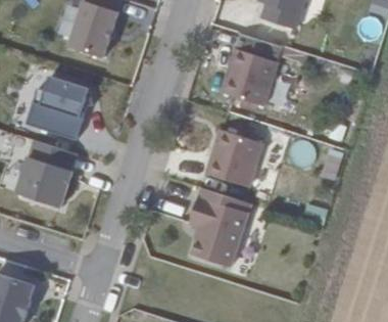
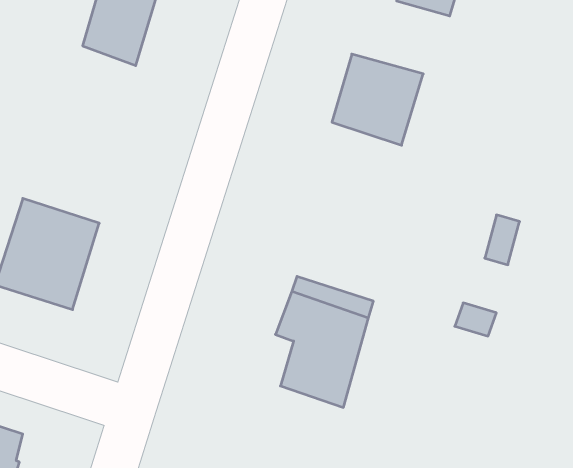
building: [25,76,89,139] -> none
building: [205,131,262,187] -> none

